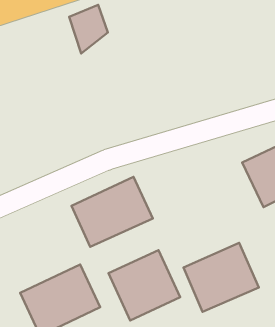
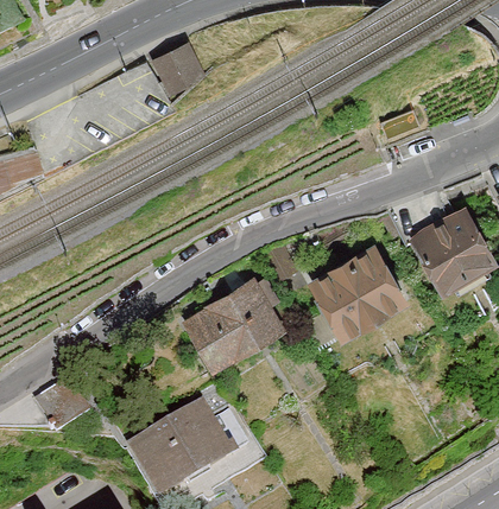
building: [184,243,259,312] -> [305,236,412,337]
building: [108,250,180,320] -> none

